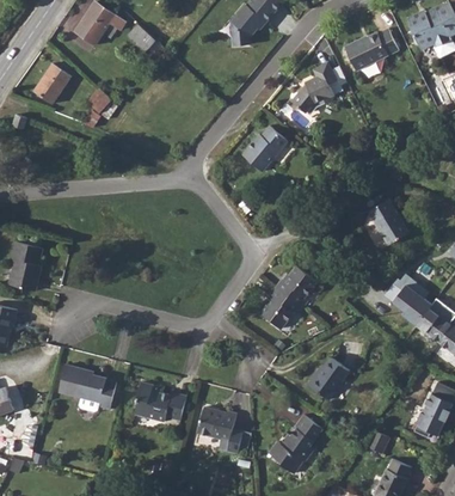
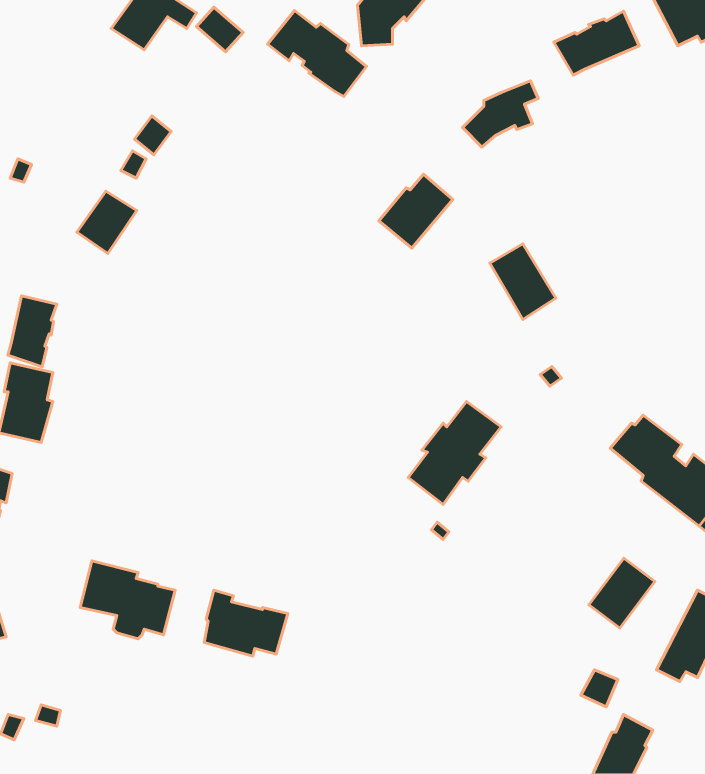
building: none -> [267,11,366,96]
building: [37,67,74,105] -> [77,191,137,253]
building: [367,198,407,245] -> [490,244,556,320]
building: none -> [8,296,57,367]
building: [308,356,349,399] -> [589,558,655,628]
building: [197,406,250,453] -> none
building: [268,414,321,473] -> none

